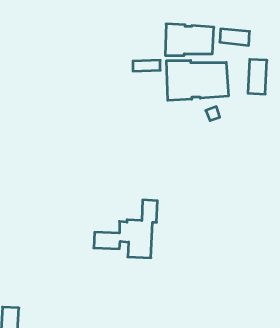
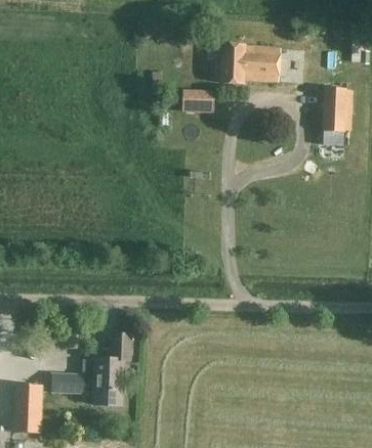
building: [167,60,228,100] -> none
building: [94,200,157,258] -> [51,333,130,405]

